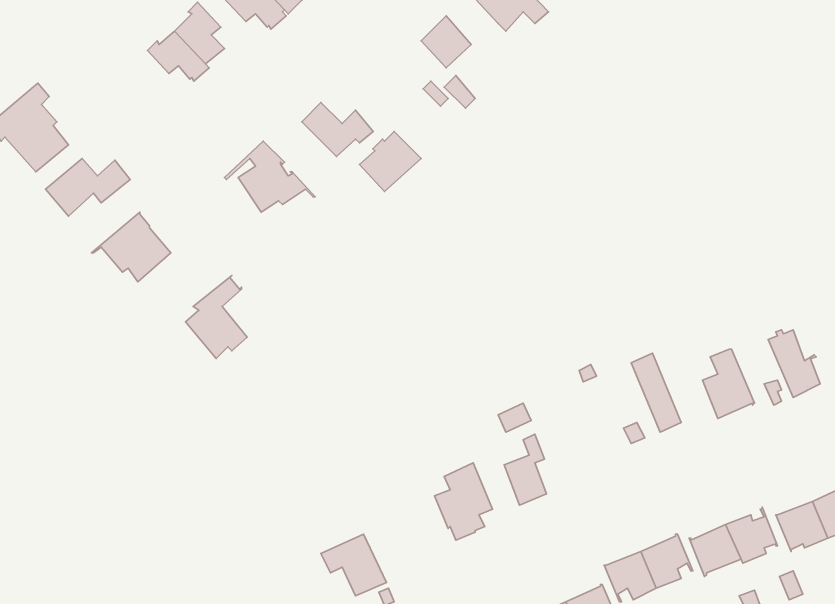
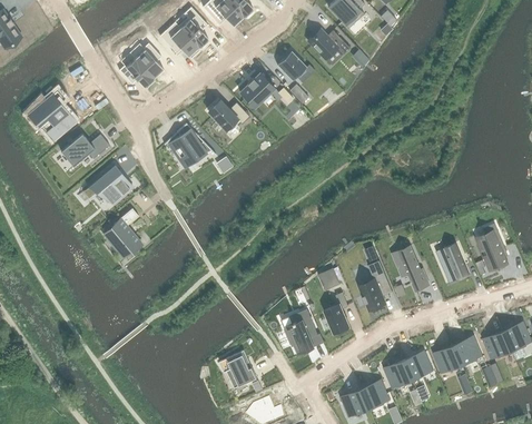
building: [359,132,421,191] -> [239,72,275,107]
building: [185,276,247,358] -> [106,208,141,256]
building: none -> [358,260,390,310]

